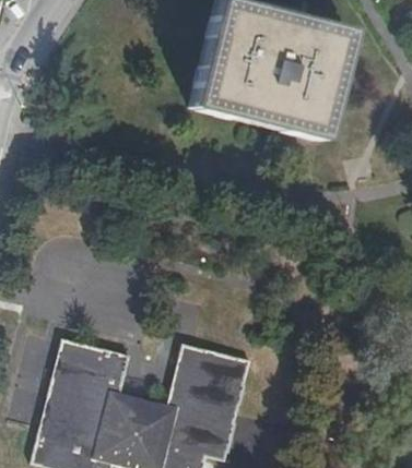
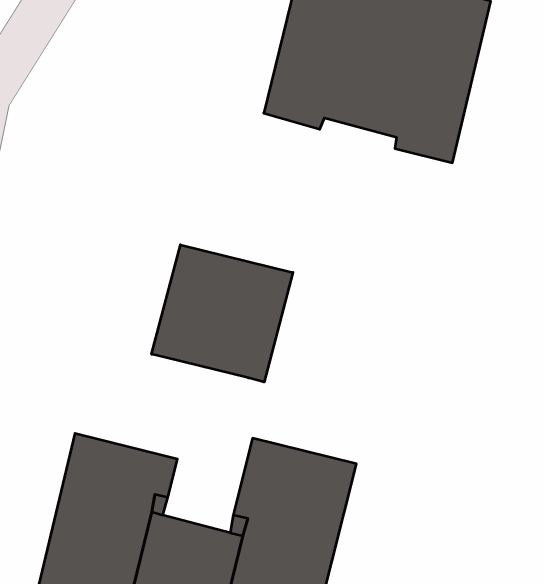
building: none -> [152,245,293,382]

